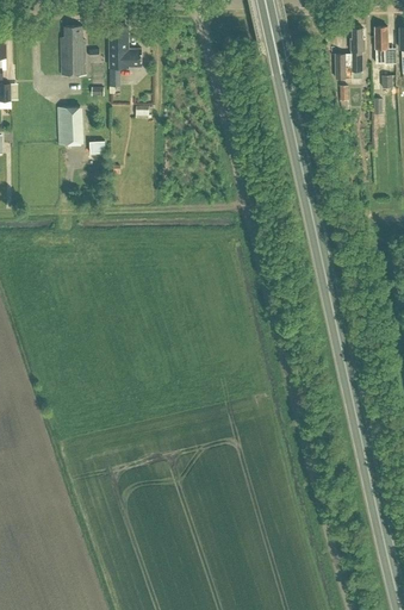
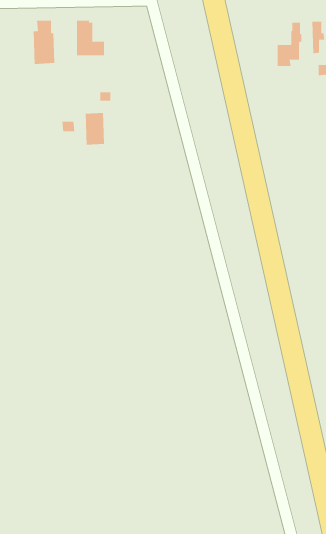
building: [58,108,81,145] -> [85,112,105,145]

